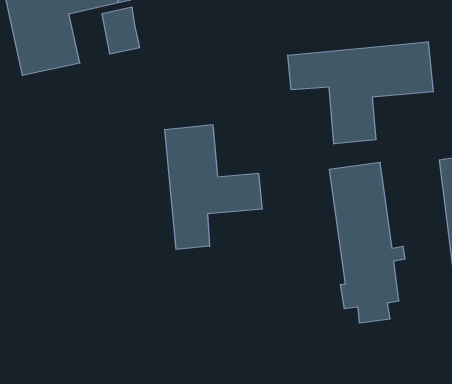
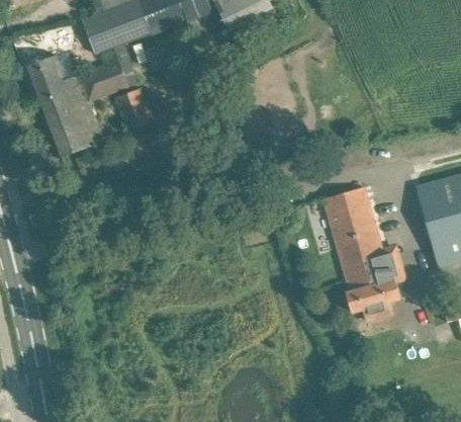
building: [288,42,433,144] -> none
building: [165,125,262,249] -> none

